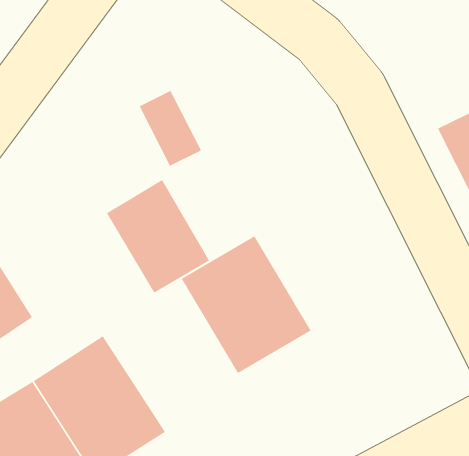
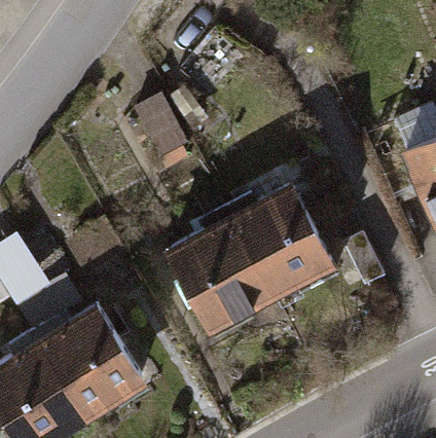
building: [106,179,210,293] -> none
building: none -> [224,181,332,297]

